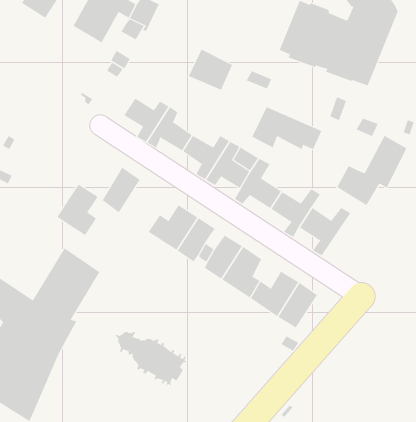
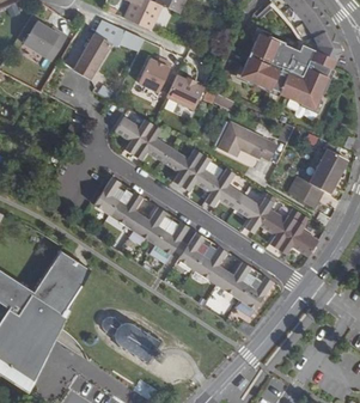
building: none -> [136,60,170,94]
building: [57,184,98,236] -> [106,187,141,230]
building: none -> [275,214,315,257]

